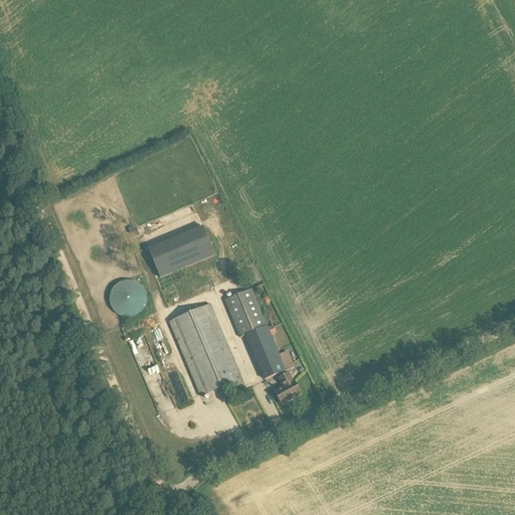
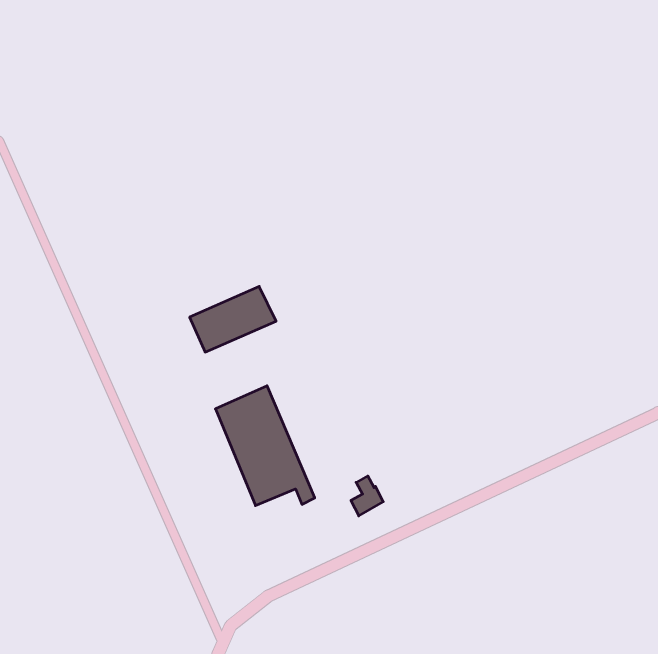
building: [109,281,148,319] -> none
building: [223,287,293,377] -> none

